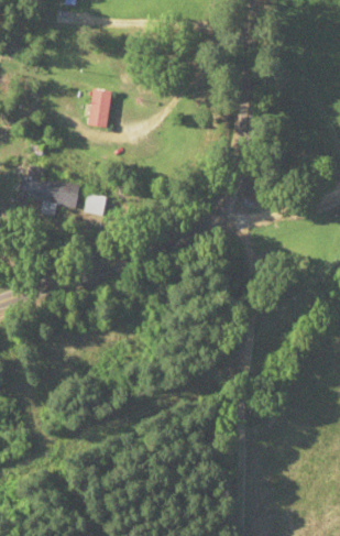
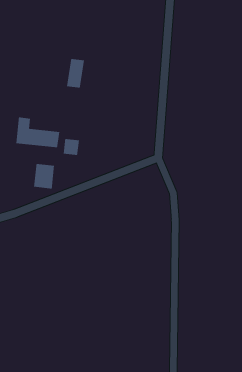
building: none -> [34,163,55,189]

